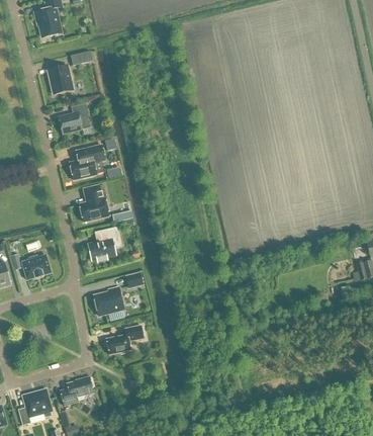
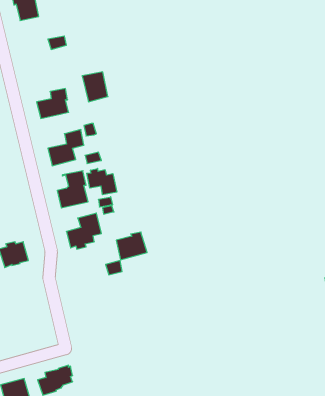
building: [46,65,72,94] -> [82,72,108,102]
building: none -> [87,168,117,195]
building: [93,287,123,315] -> [116,232,147,260]
building: [105,325,143,354] -> none

